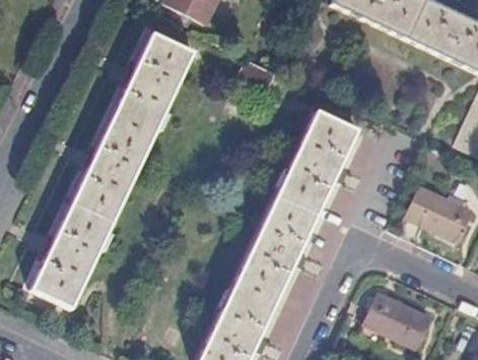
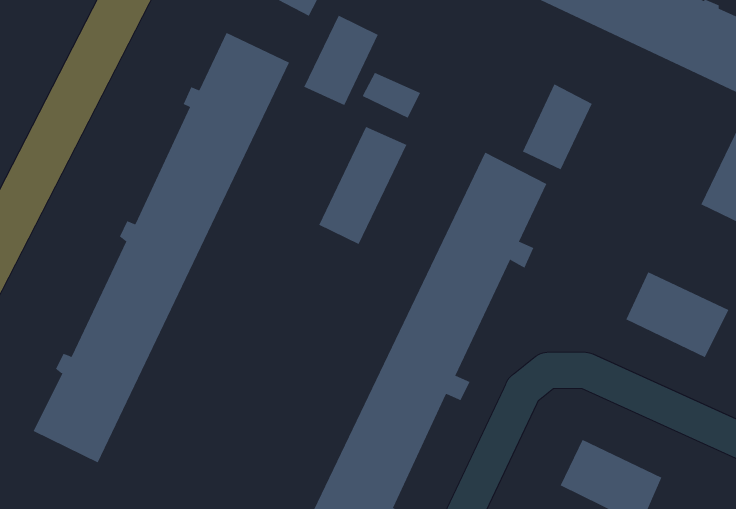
building: none -> [303,15,378,106]
building: none -> [522,83,592,170]
building: none -> [319,126,407,245]

